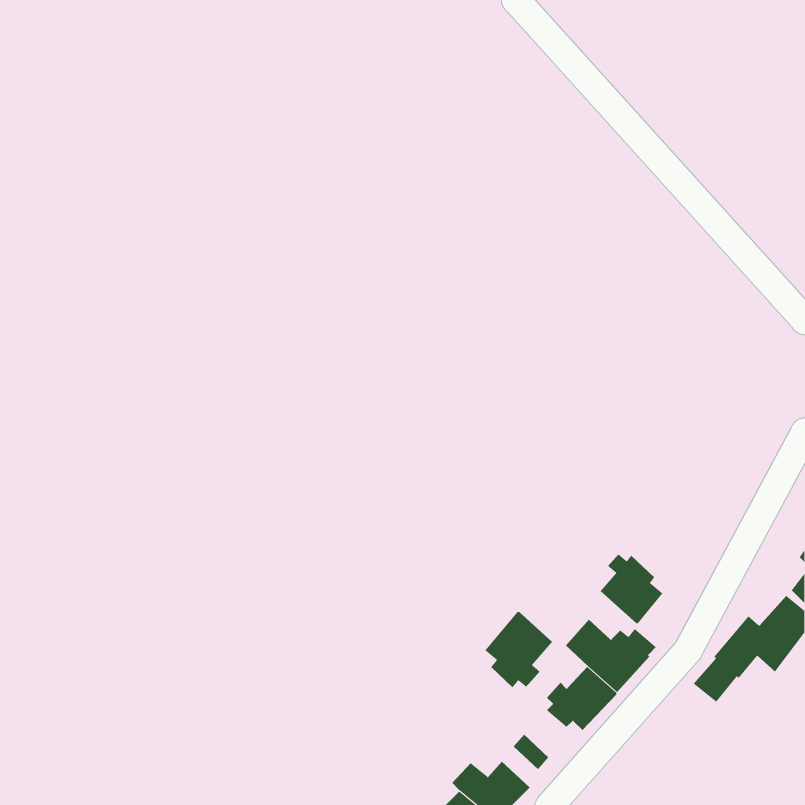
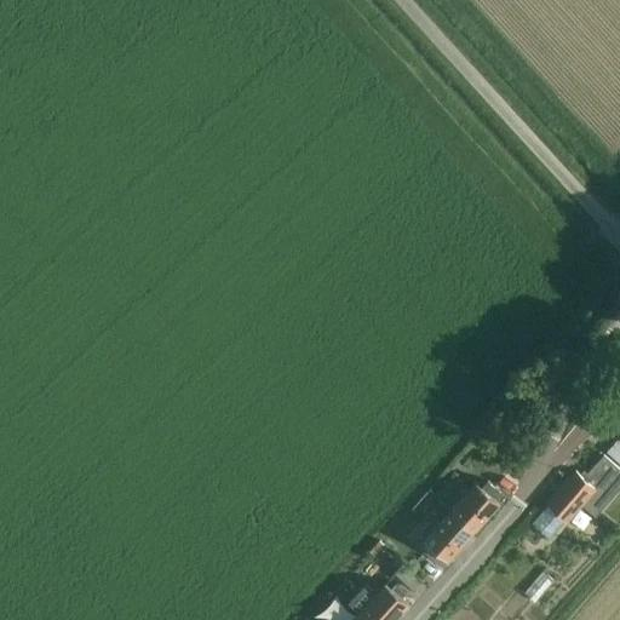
building: [600,554,663,624] -> none
building: [484,611,553,688] -> none

